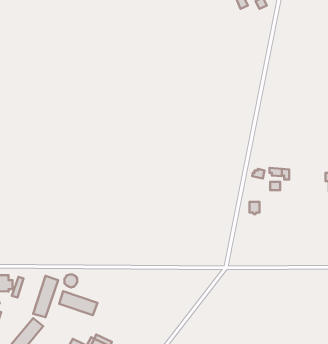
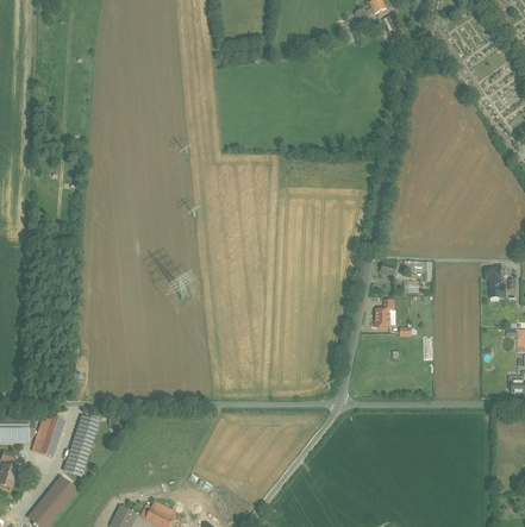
building: none -> [33,415,63,457]
building: [59,291,98,315] -> none

